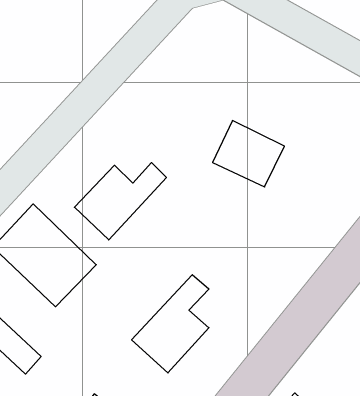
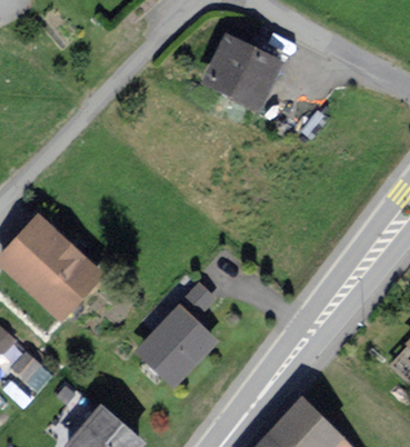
building: [213,121,284,187] -> [206,37,278,103]
building: [74,163,166,240] -> none

